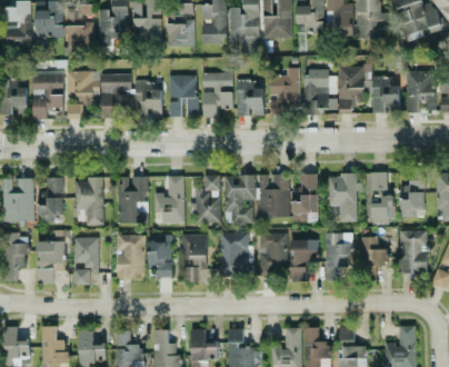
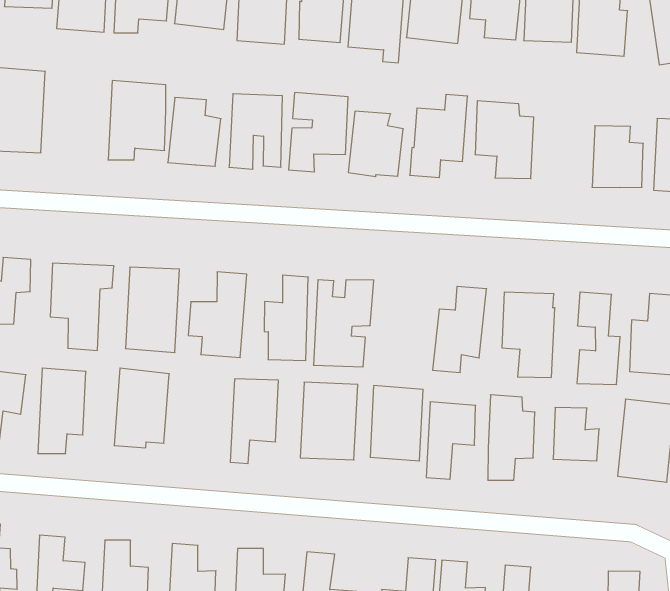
building: [338,63,370,112] -> none
building: [67,70,99,118] -> none
building: [259,173,289,217] -> none
building: [147,235,172,277] -> none

